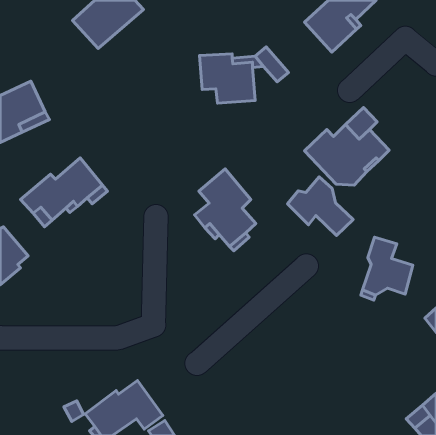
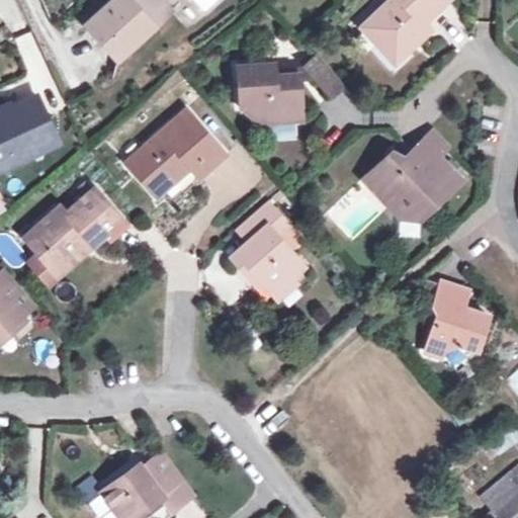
building: none -> [124,109,225,197]
building: [287,177,353,236] -> none

